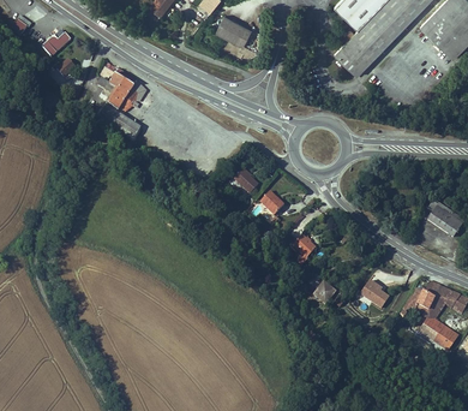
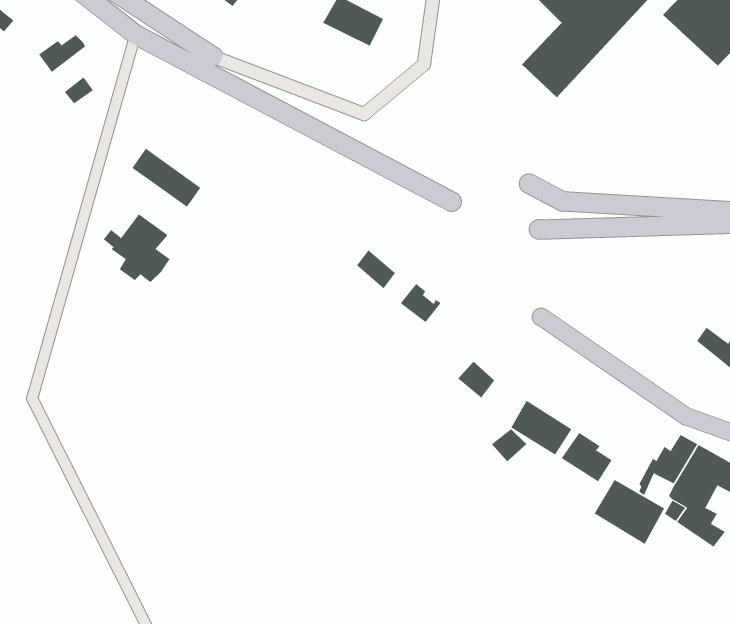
building: [100,72,140,114] -> [103,213,170,283]
building: none -> [511,400,572,455]
building: none -> [594,479,665,545]

